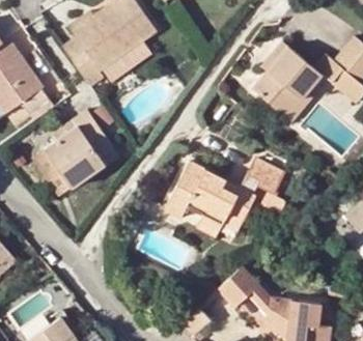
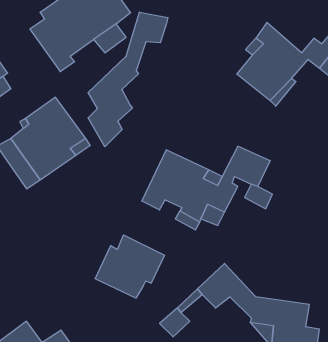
building: none -> [88,12,168,147]
building: none -> [95,235,164,298]

